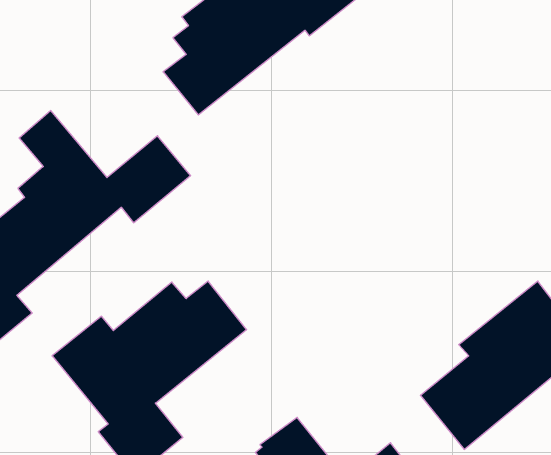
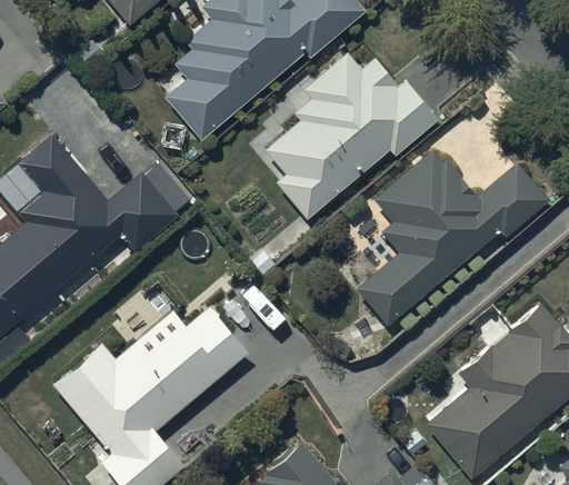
building: none -> [267,49,440,218]
building: none -> [358,150,550,326]

